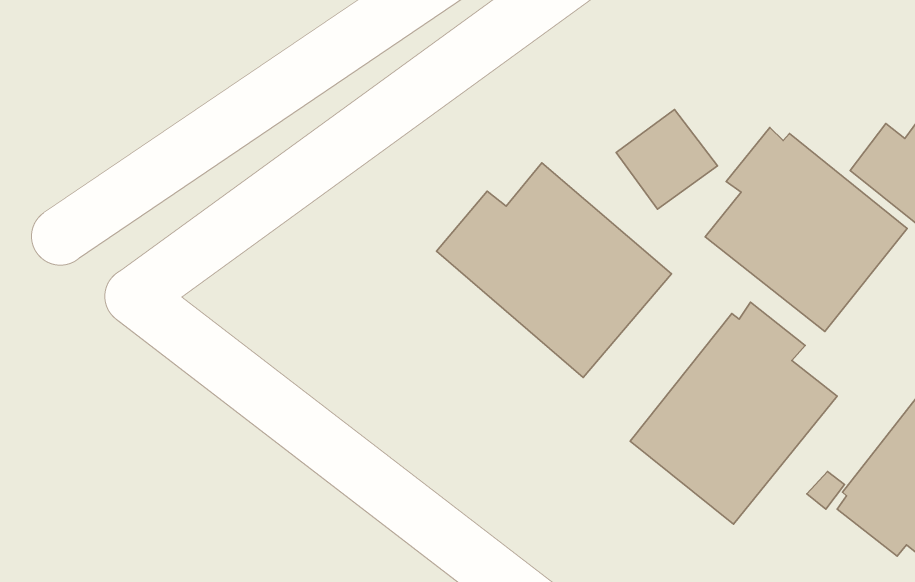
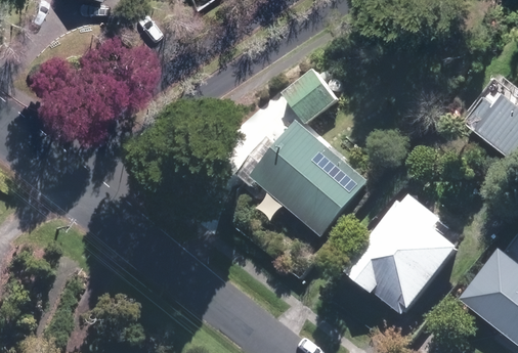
building: [616,109,718,209] -> [286,71,341,125]
building: [705,127,907,331] -> none

